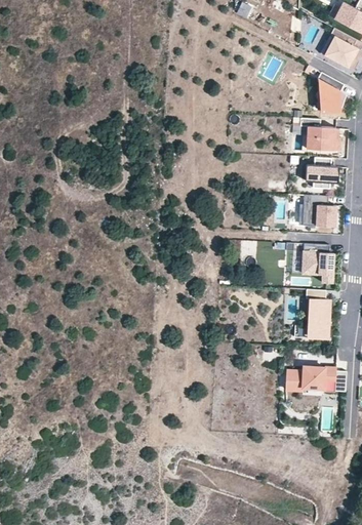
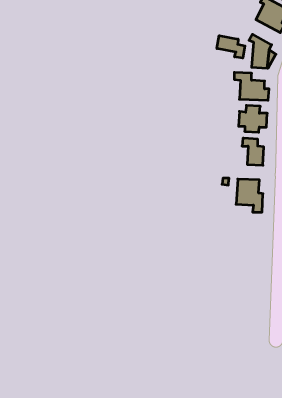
building: none -> [217,36,245,58]
building: [295,290,330,339] -> none
building: [286,369,346,399] -> none

